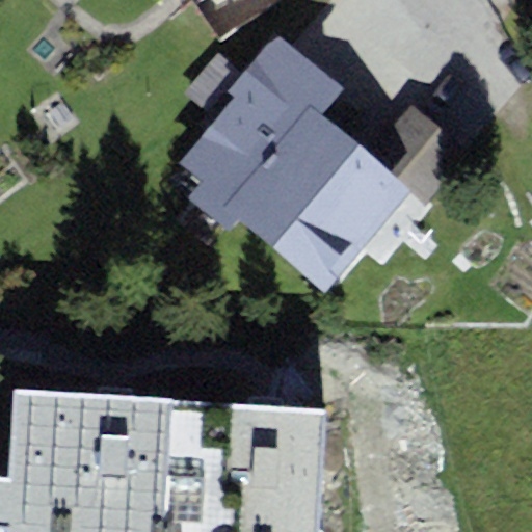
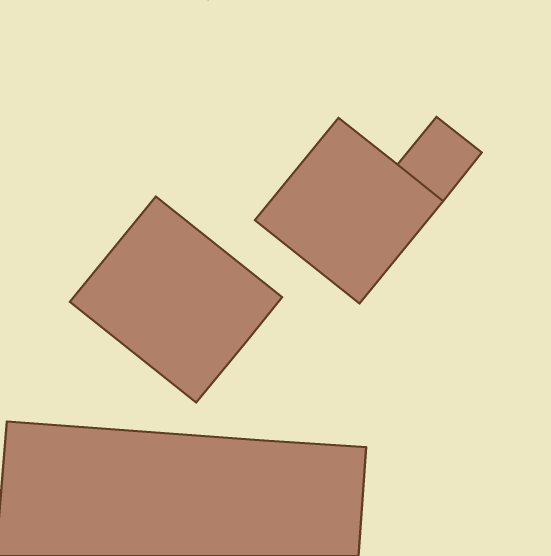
building: [186,68,316,206] -> none
building: none -> [70,196,282,403]

